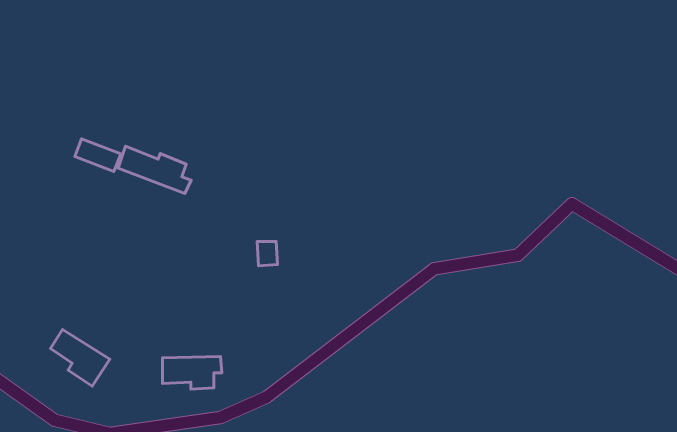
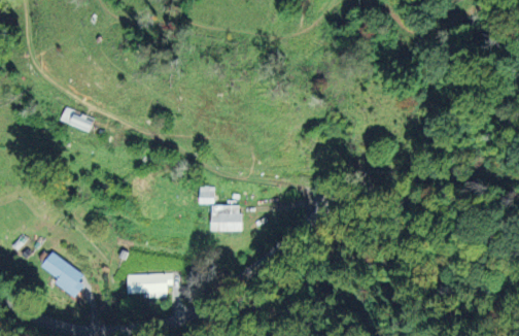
building: [118,146,191,194] -> none
building: none -> [211,205,242,231]

